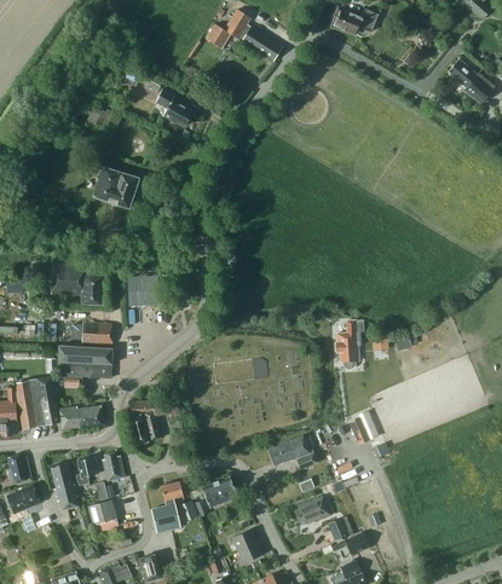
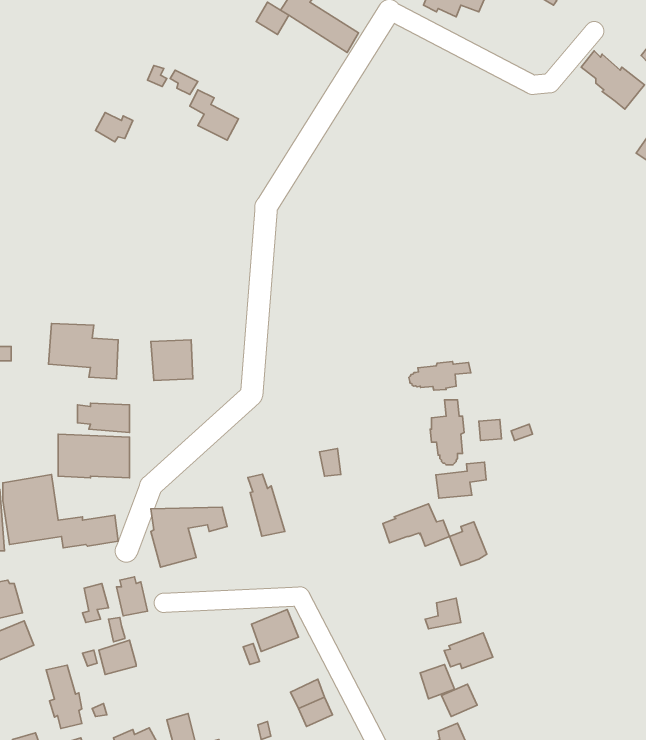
building: [93,166,139,208] -> none
building: none -> [409,361,471,390]
building: none -> [436,462,486,498]
building: none -> [248,474,285,536]
building: [269,435,318,467] -> [383,504,450,546]
building: [51,462,77,509] -> [46,665,82,728]
building: [151,480,183,532] -> none
building: [294,496,330,522] -> [444,633,493,669]

